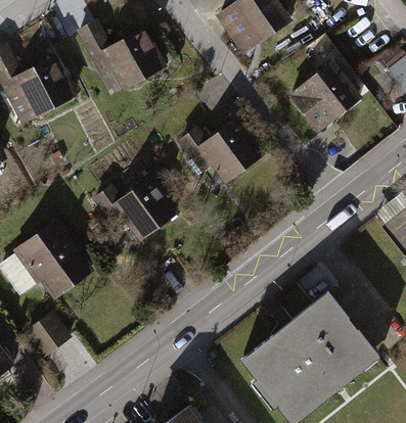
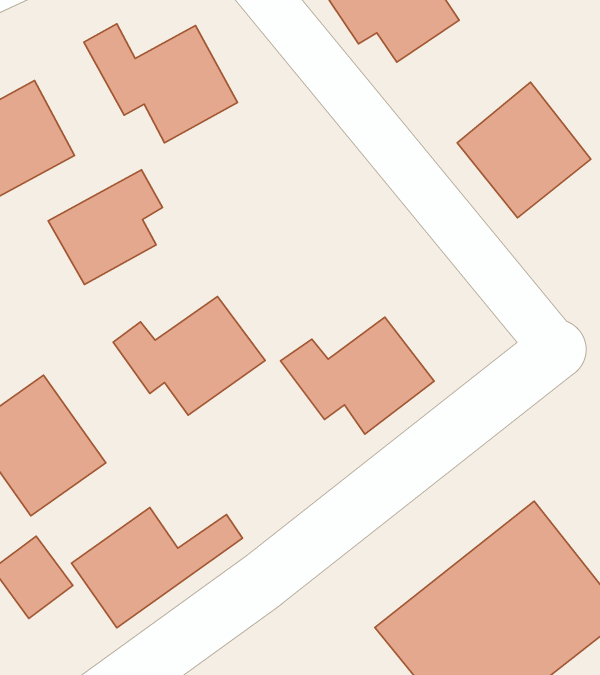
building: none -> [48,170,163,284]
building: [177,116,263,182] -> [281,317,434,434]
building: none -> [71,508,242,628]

